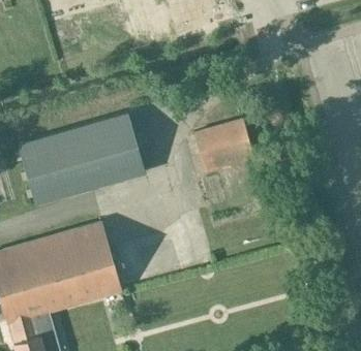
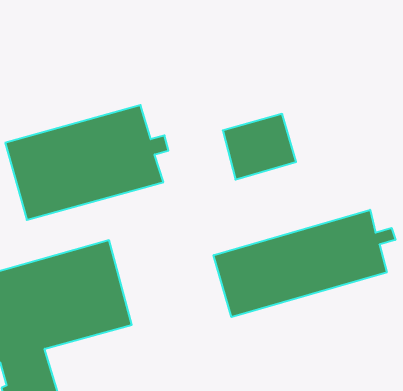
building: none -> [214,210,395,317]

